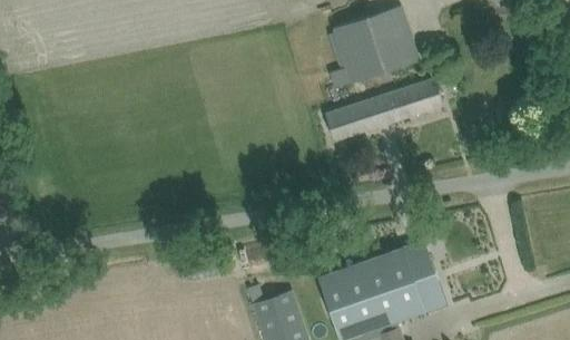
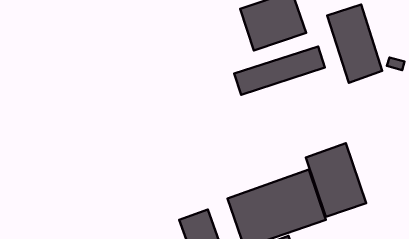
building: none -> [327,4,382,83]
building: none -> [306,143,366,217]

